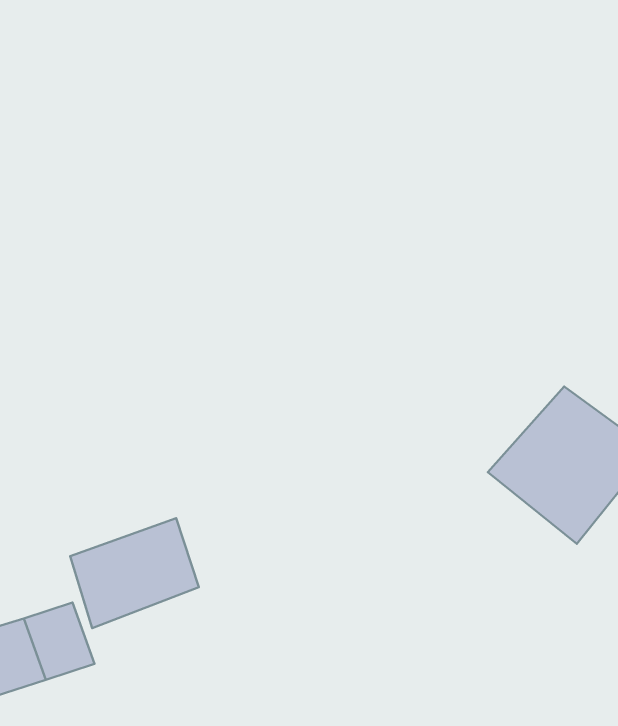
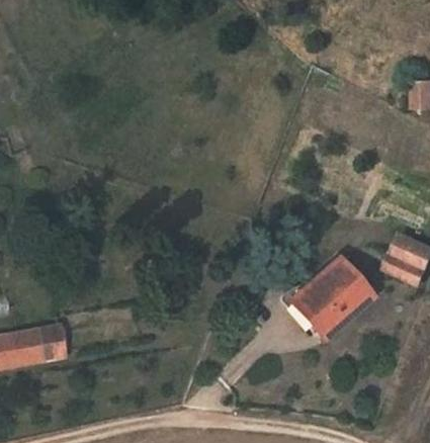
building: [70,518,199,628] -> none

